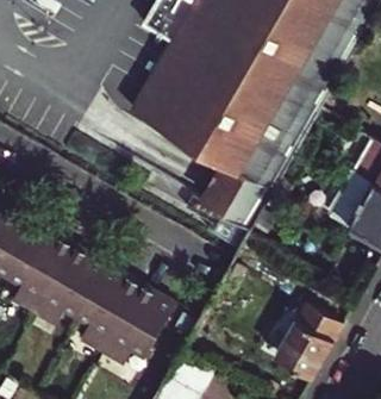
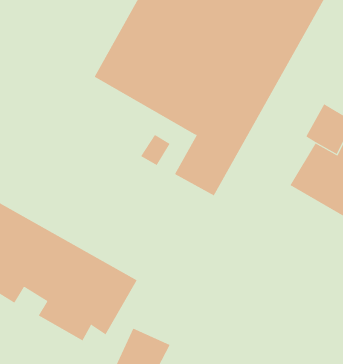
building: [270,307,339,385] -> none

